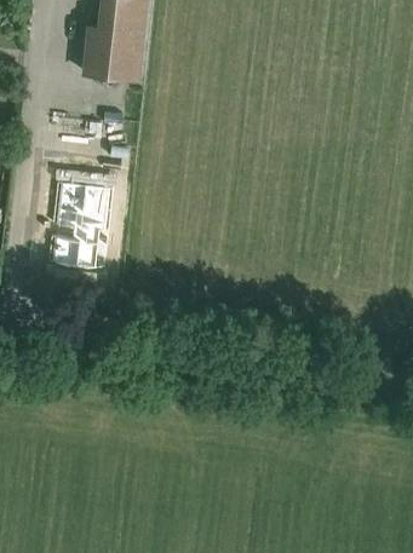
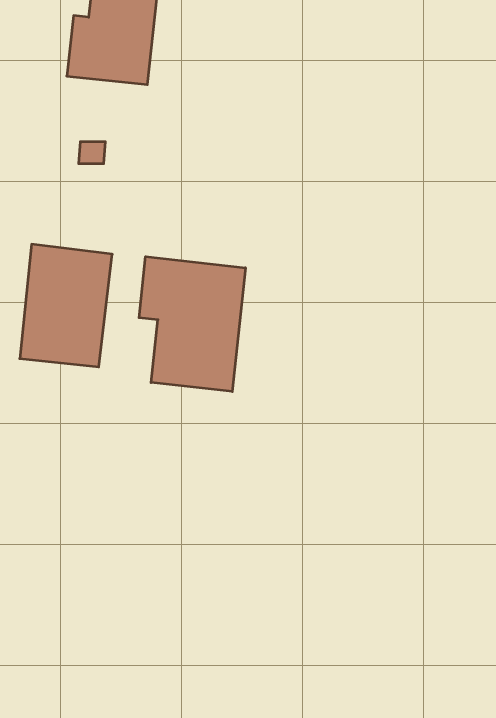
building: none -> [139,257,245,392]

